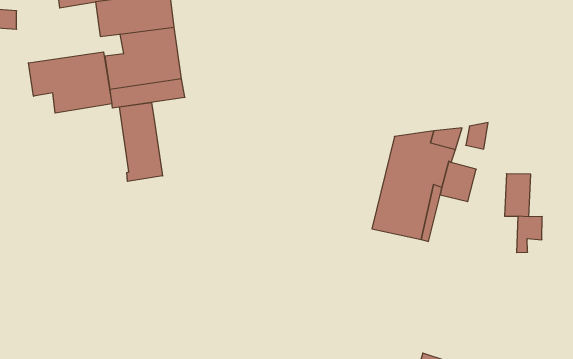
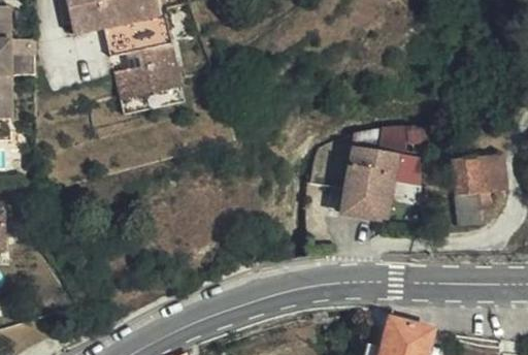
building: [29,52,112,113] -> none
building: [120,102,163,181] -> none
building: none -> [476,153,503,190]

